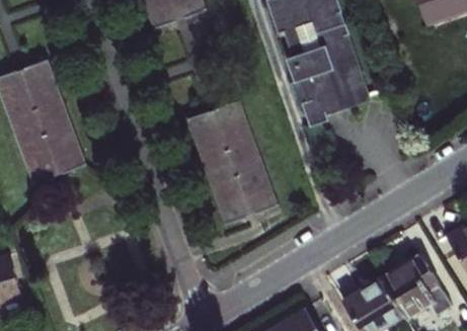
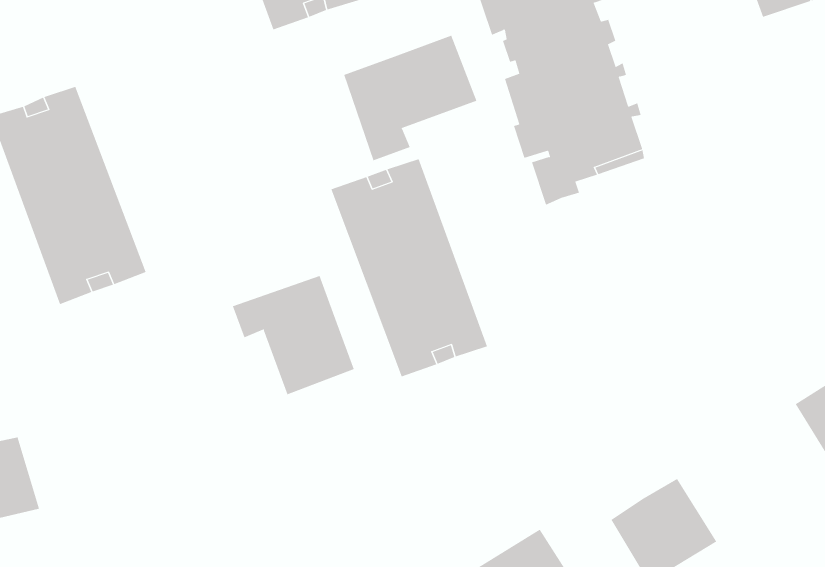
building: none -> [343,35,477,161]
building: none -> [232,275,354,395]
building: [382,255,451,318] -> none

